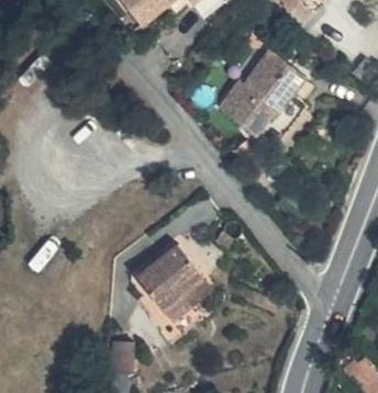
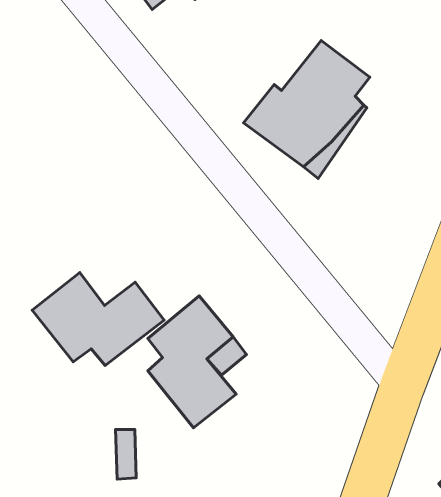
building: none -> [32,272,164,366]

